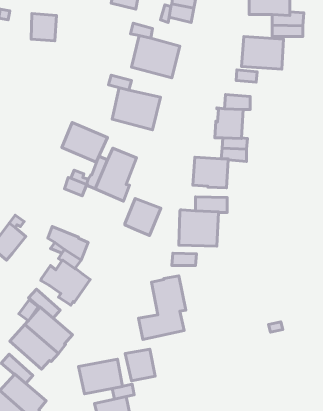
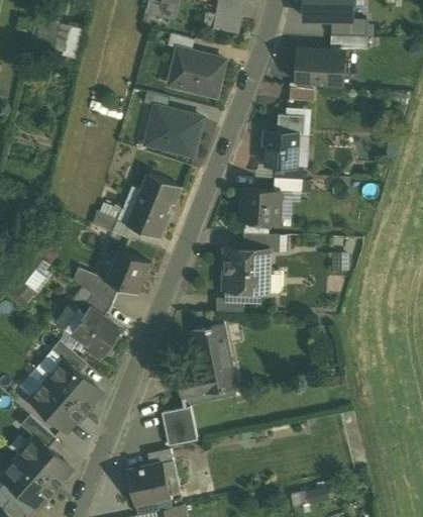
building: [62,122,107,162] -> none
building: [125,198,161,235] -> [109,250,150,293]
building: [79,359,123,394] -> none

